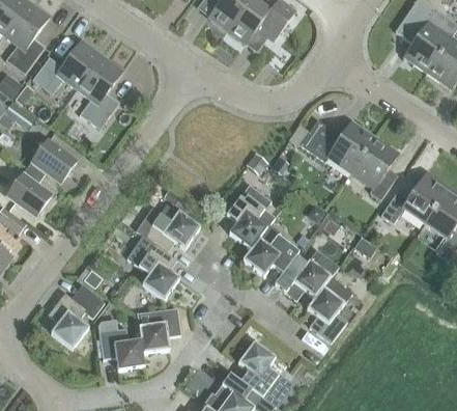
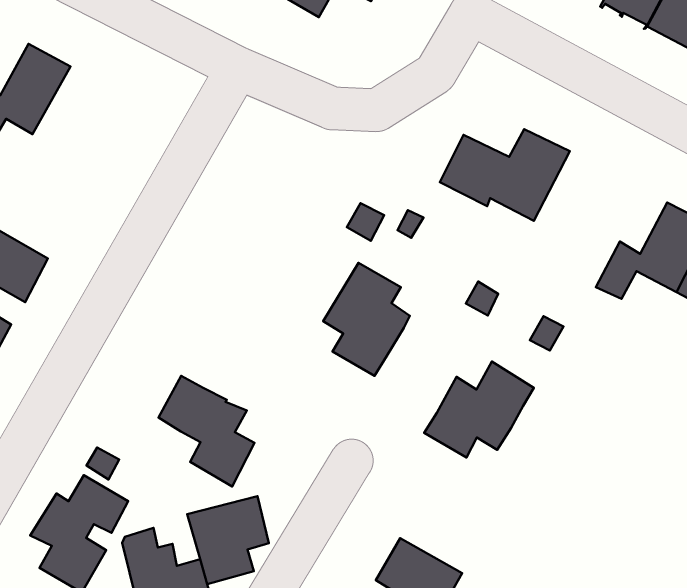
building: [77,55,123,130] -> none
building: [350,137,398,200] -> none
building: [136,204,200,252] -> none
building: [242,224,298,276] -> none
building: [307,276,352,344] -> none

